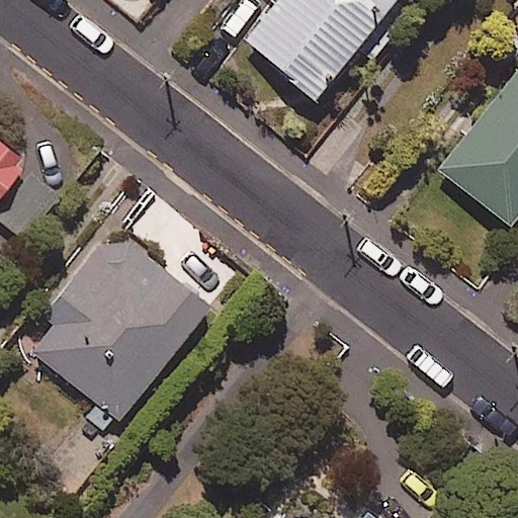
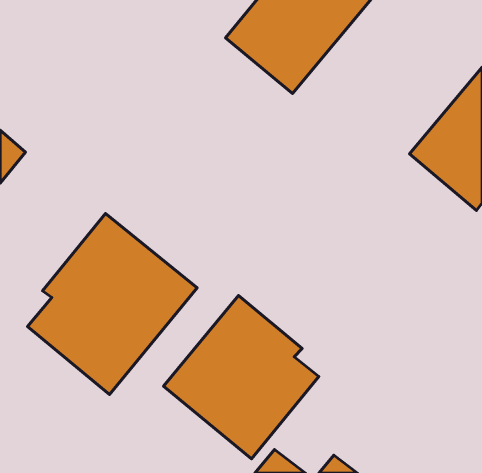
building: none -> [163,296,319,459]

